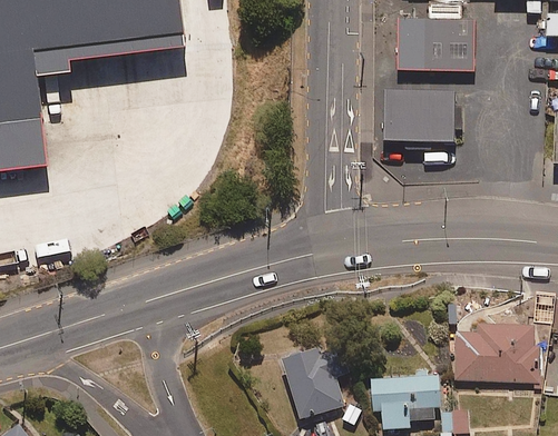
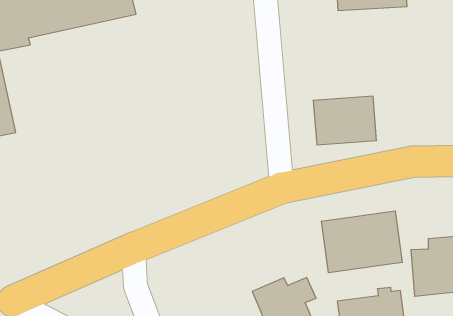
building: [394,92,460,142] -> [313,96,377,145]
building: none -> [321,211,402,273]

